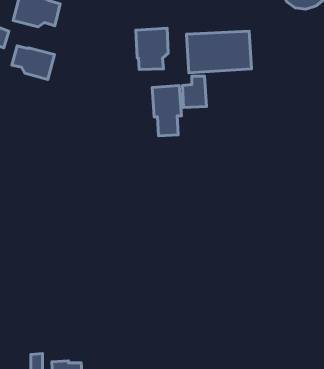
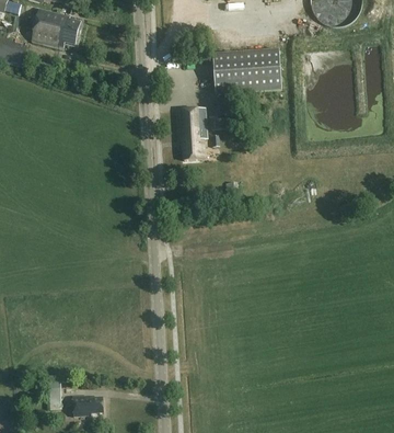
building: [136,28,168,70] -> none
building: [12,46,54,80] -> none

